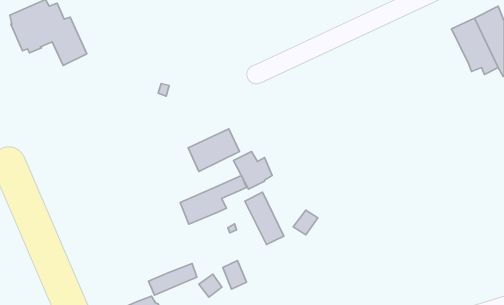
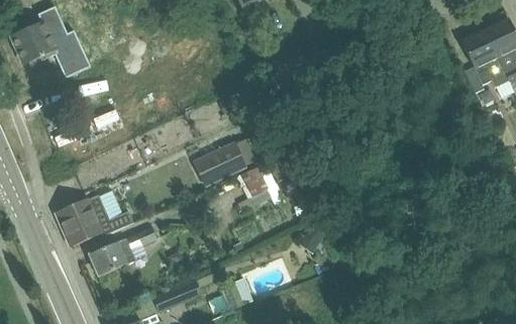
building: [180,176,246,224] -> [89,226,157,276]
building: none -> [58,194,134,245]
building: [245,192,284,245] -> none

